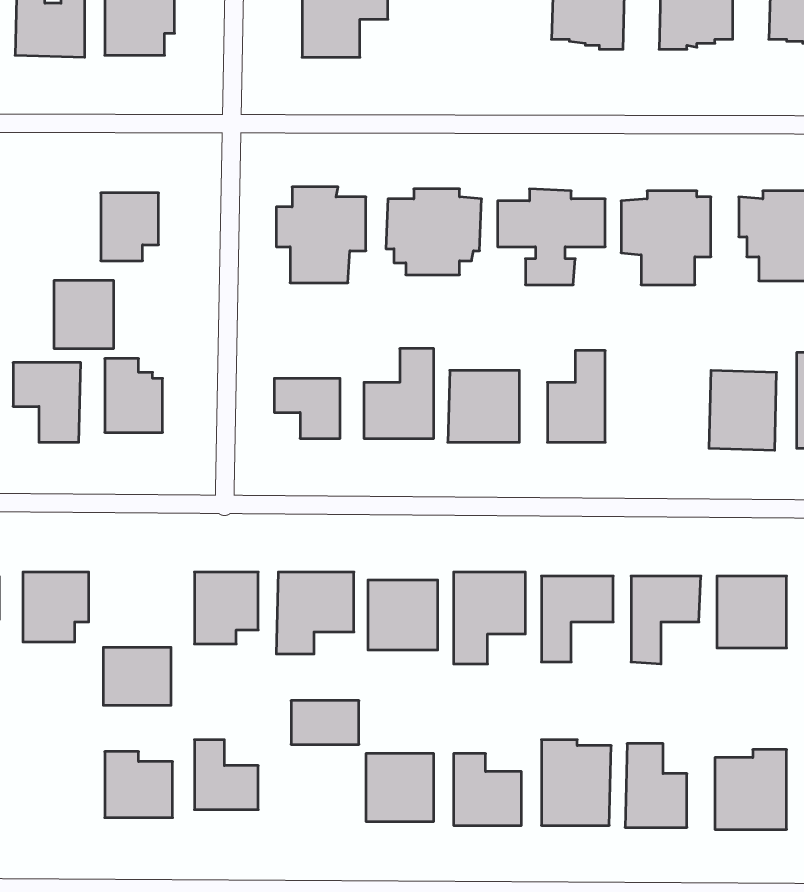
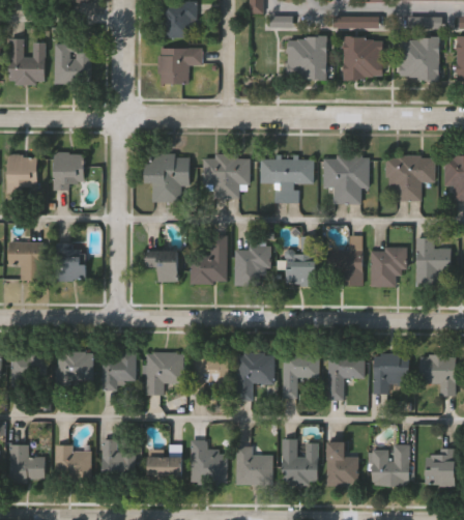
building: [54,281,114,348] -> [6,154,37,190]
building: none -> [330,235,361,285]
building: [103,647,171,705] -> [57,351,92,381]
building: [291,701,359,744] -> [146,456,181,479]
building: none -> [9,443,44,481]

